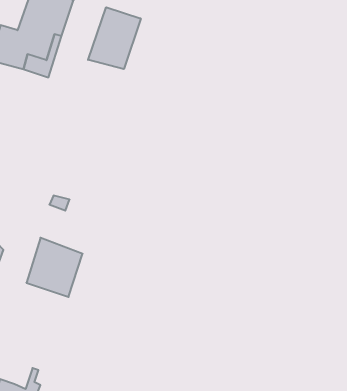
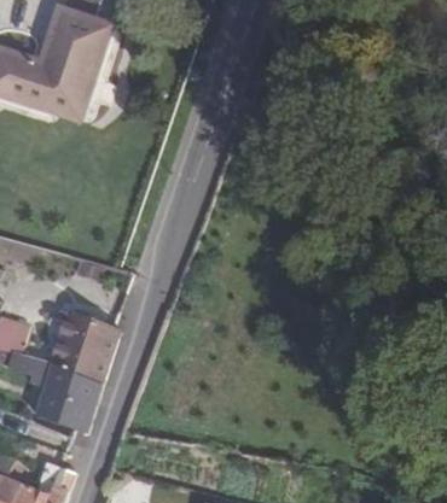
building: [88,7,141,69] -> none
building: none -> [30,361,99,432]

